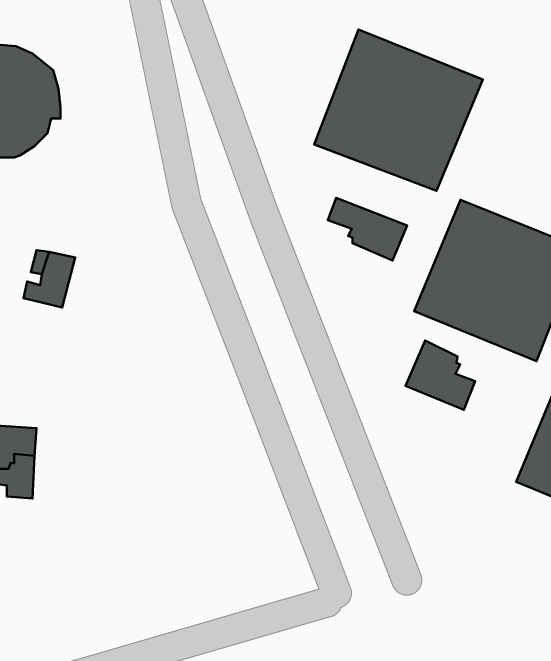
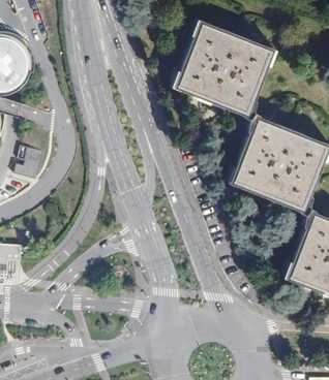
building: [328,198,407,261] -> none
building: [406,340,475,410] -> none

